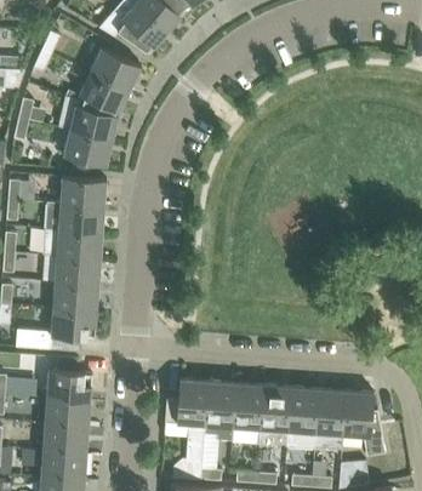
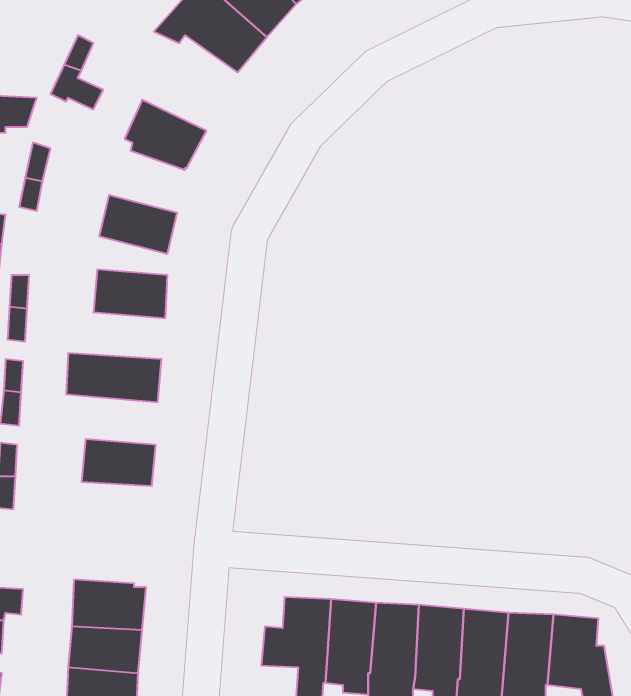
building: [90,47,141,90] -> none
building: [57,96,118,141] -> none
building: [44,201,104,232] -> none
building: [55,255,99,285] -> none
building: [15,308,96,349] -> none

